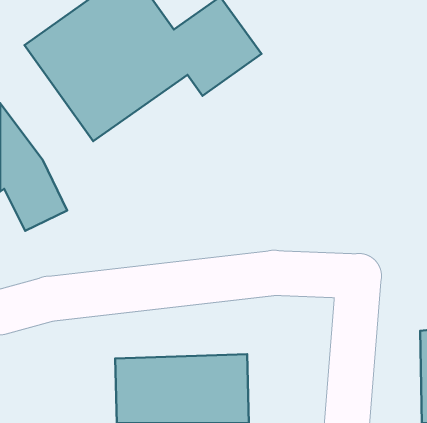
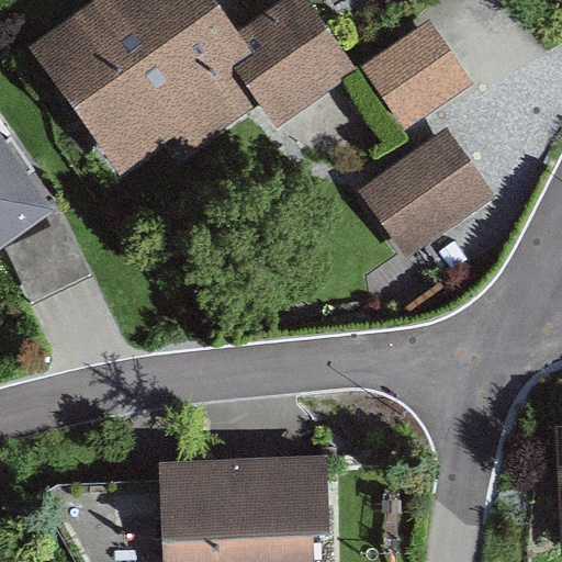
building: none -> [369,12,483,124]
building: none -> [363,127,495,252]

